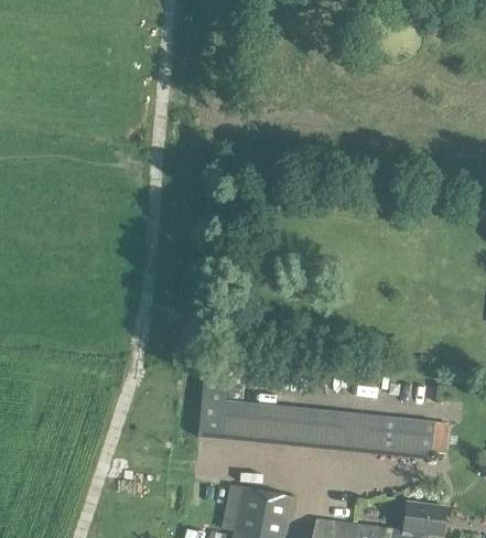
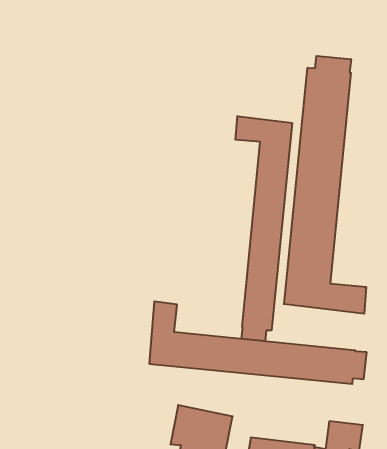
building: none -> [284,56,366,314]
building: none -> [236,116,292,341]

